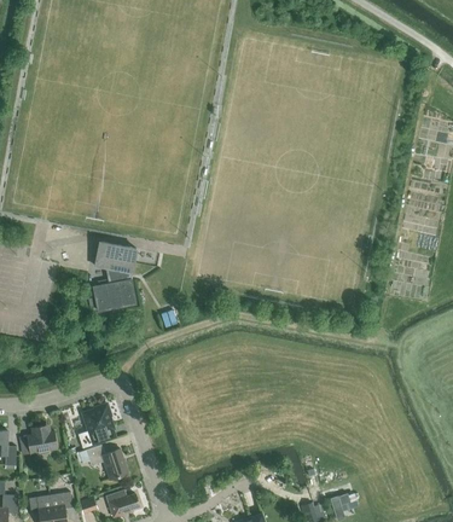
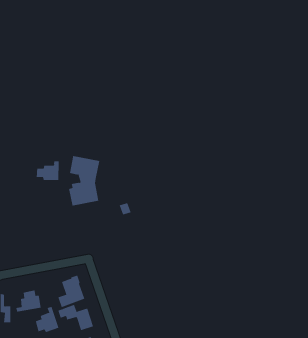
building: none -> [36,160,59,181]
building: none -> [35,306,59,333]

